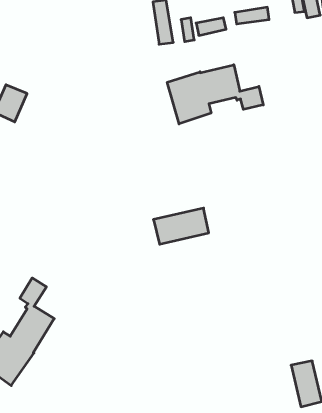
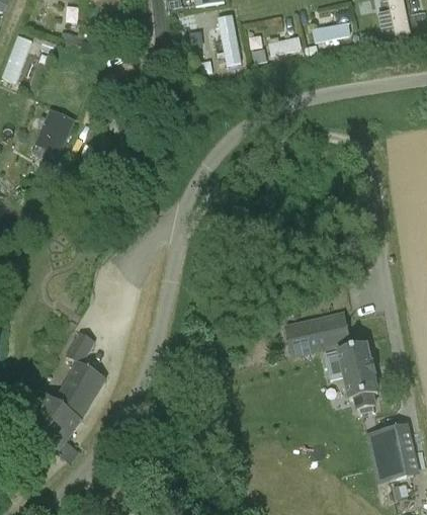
building: [167,65,263,124] -> none
building: [153,208,209,244] -> [284,315,348,356]
building: none -> [325,345,377,409]

